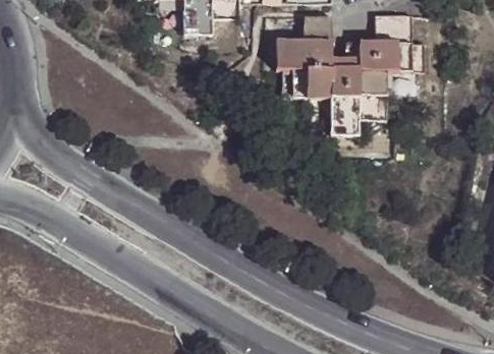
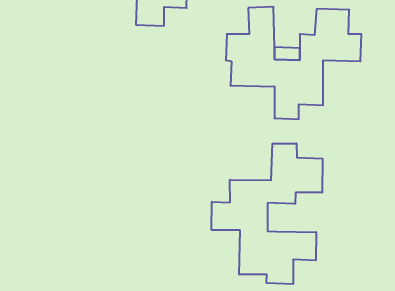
building: none -> [212,143,322,284]

